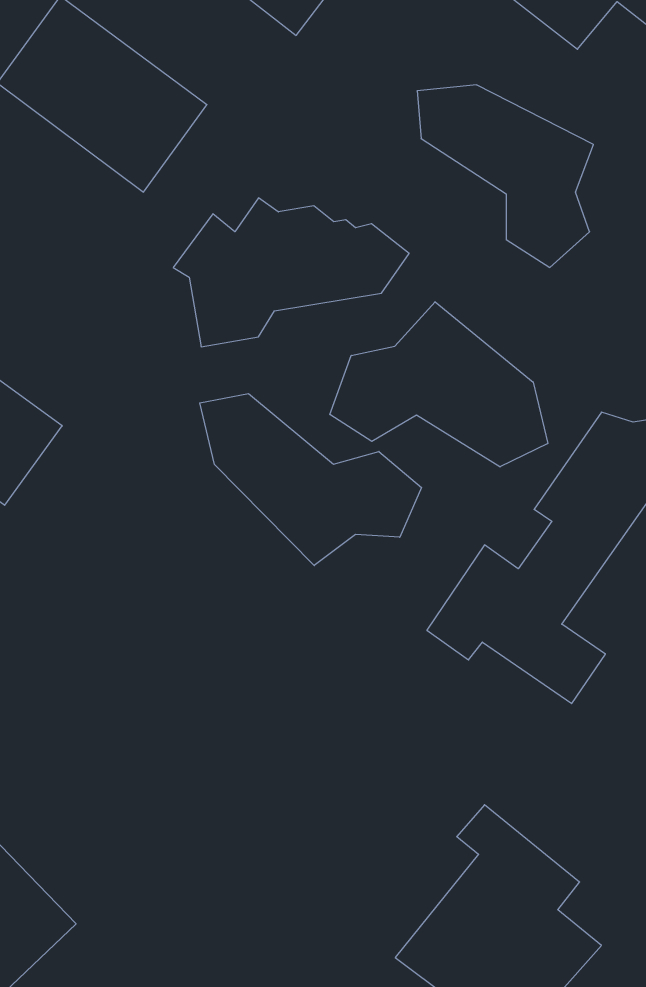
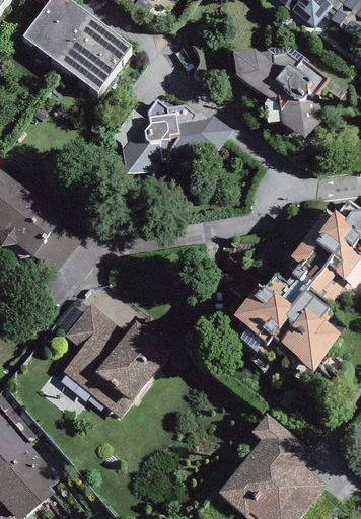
building: [330,302,548,467] -> none
building: [200,394,422,566] -> none
building: none -> [65,297,171,411]

